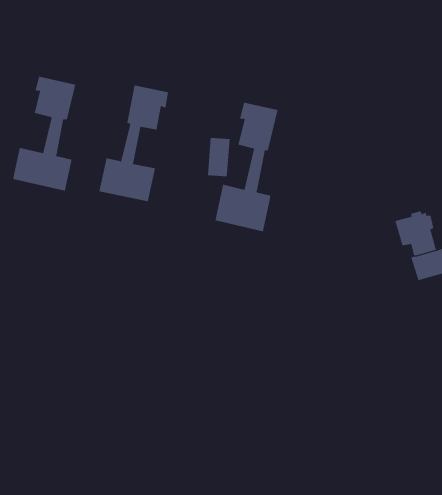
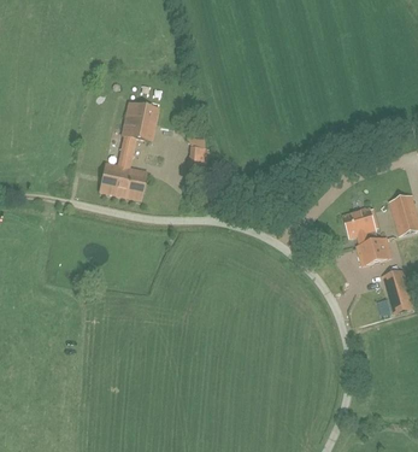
building: [13,76,76,192] -> none
building: [215,102,278,232] -> none

